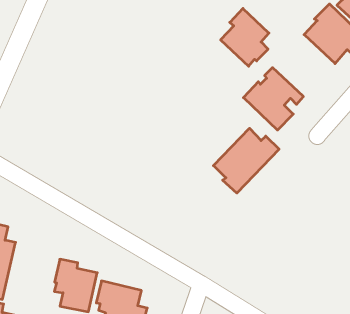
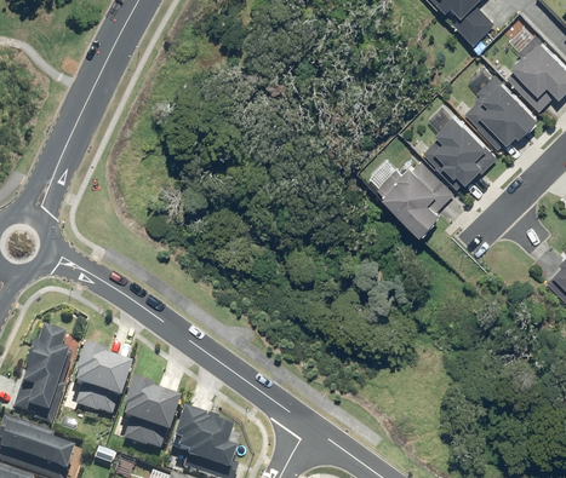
building: [221,8,269,66] -> [427,109,490,184]
building: [213,128,279,193] -> none
building: none -> [68,342,132,415]

